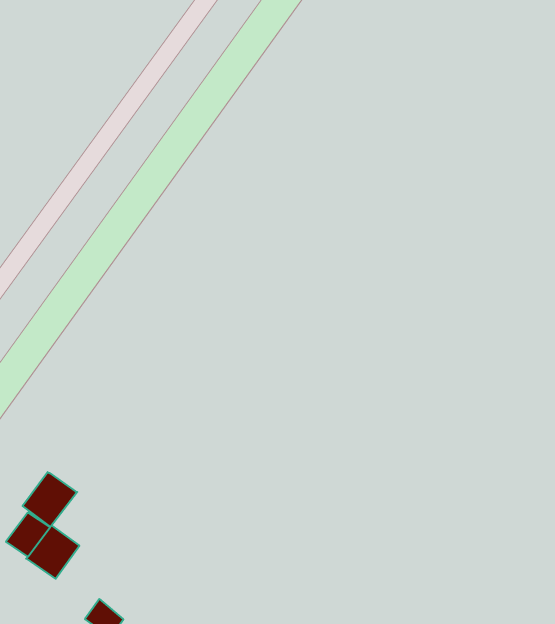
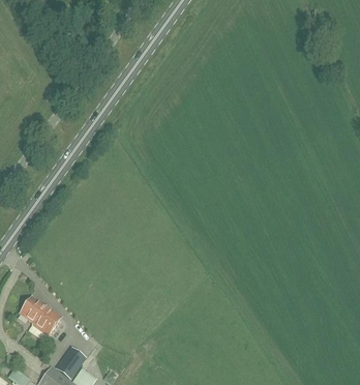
building: [23,472,77,527] -> none

